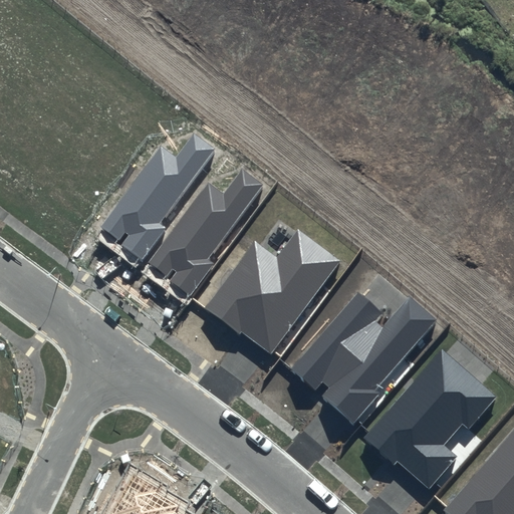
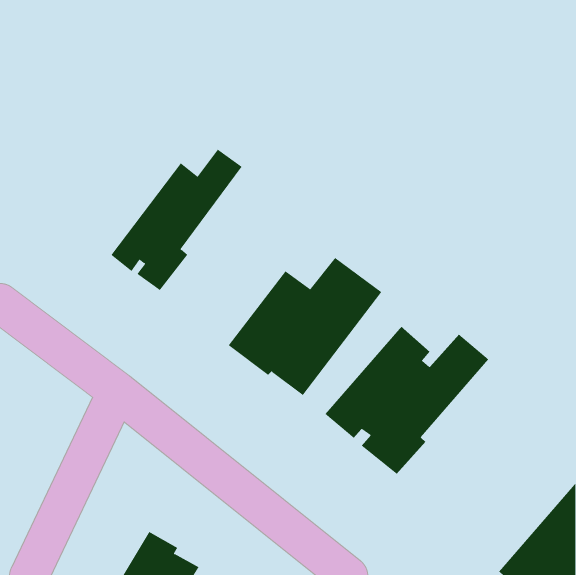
building: [148,169,264,297] -> none
building: [363,349,497,490] -> none

